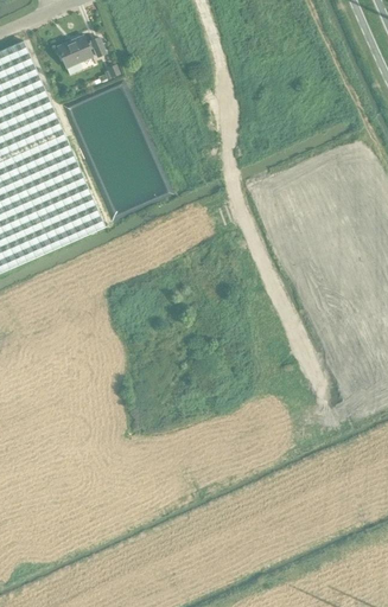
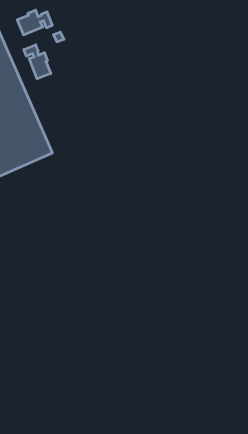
building: none -> [24,45,51,79]

